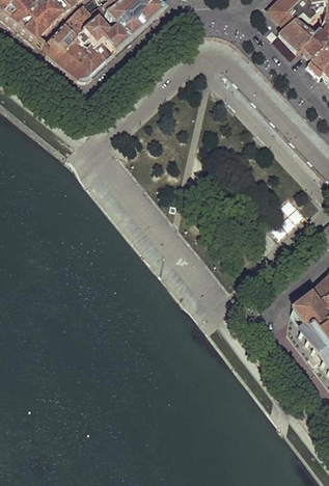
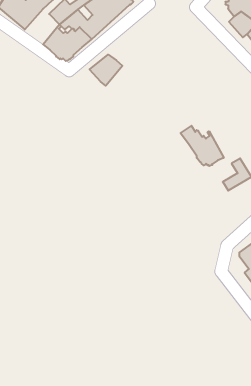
building: [42,23,77,59] -> none
building: none -> [90,55,122,86]
building: none -> [181,126,224,166]

